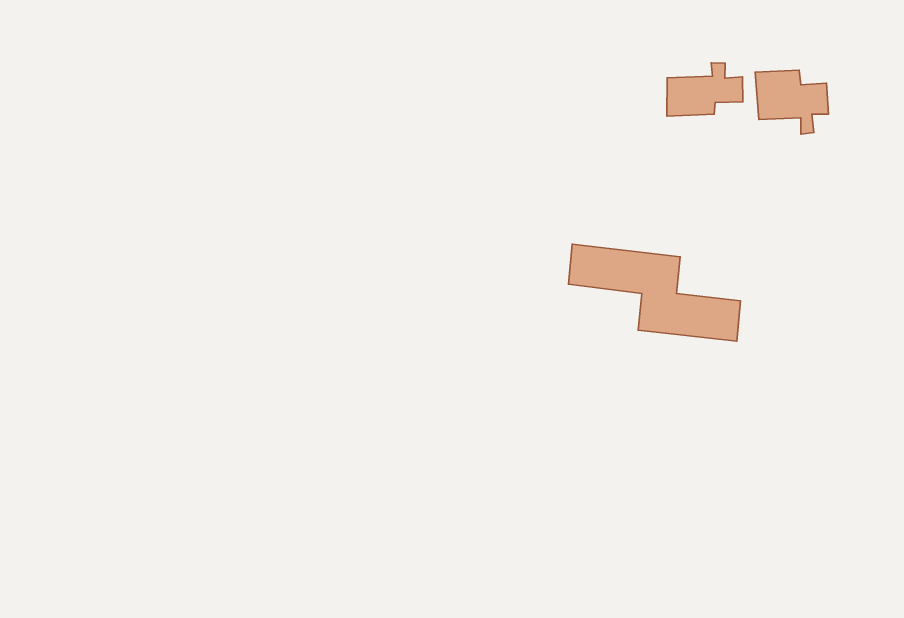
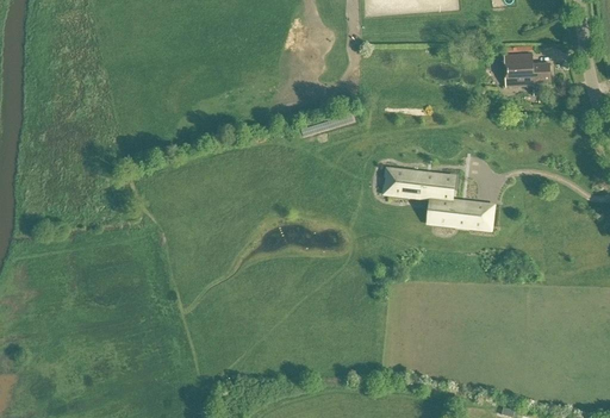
building: [667,63,743,116] -> none

